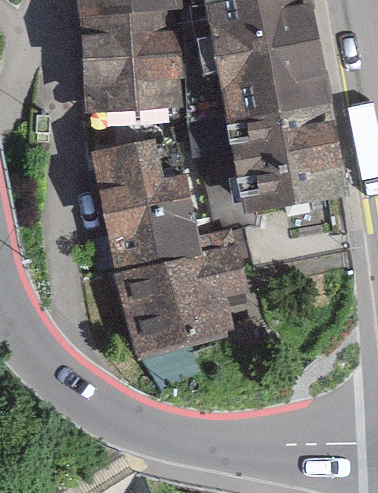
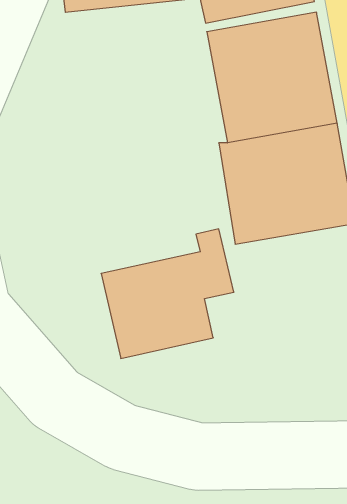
building: [85,16,194,120] -> none
building: [88,128,205,258] -> none

